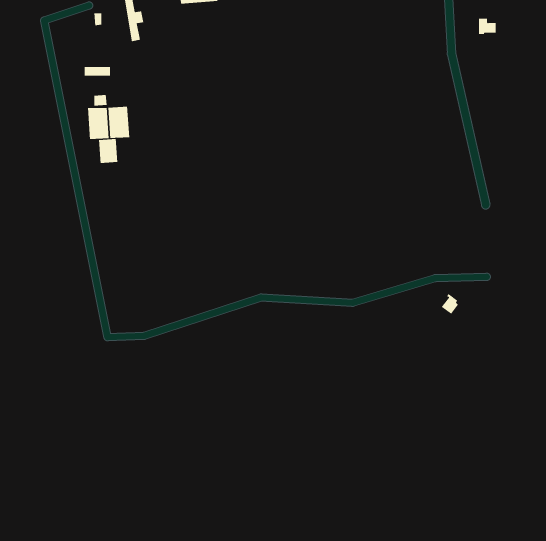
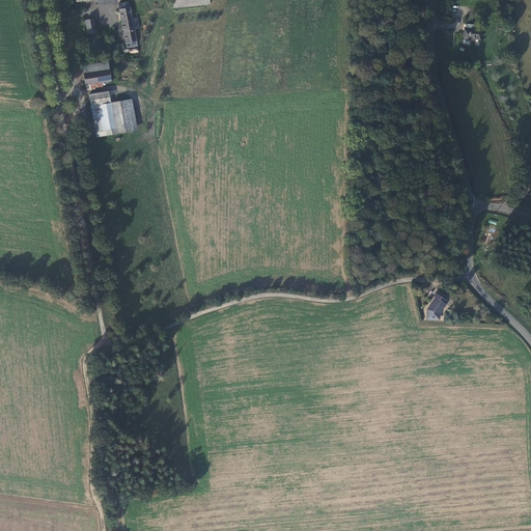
building: [98,138,118,164] -> none

